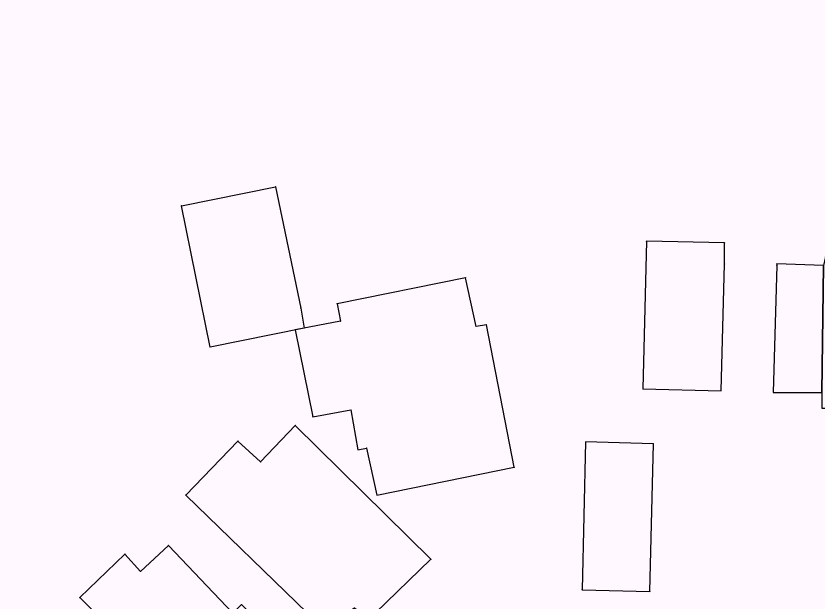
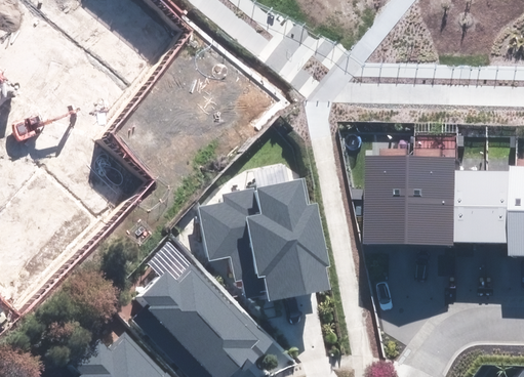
building: [181,187,304,347] -> none
building: none -> [451,169,484,245]
building: [582,442,653,591] -> [365,155,407,243]

